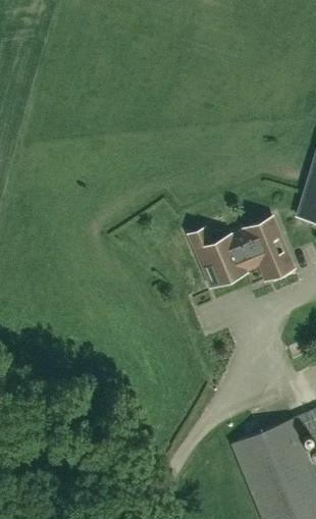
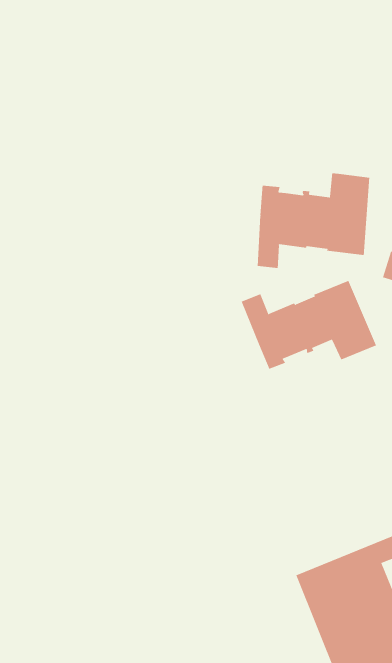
building: none -> [257,173,370,269]

